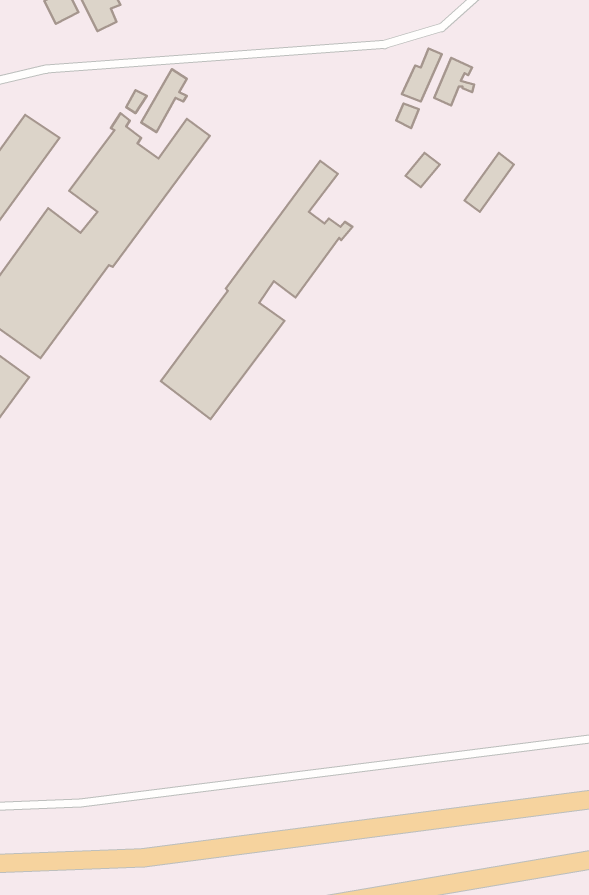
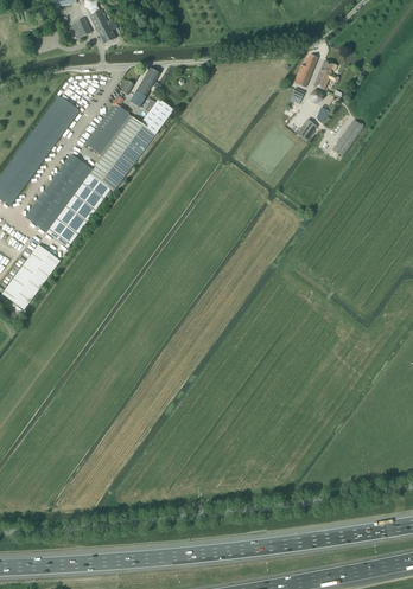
building: [161,161,352,419] -> none

